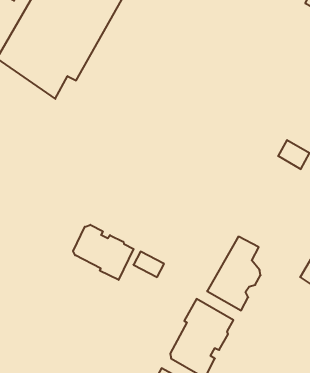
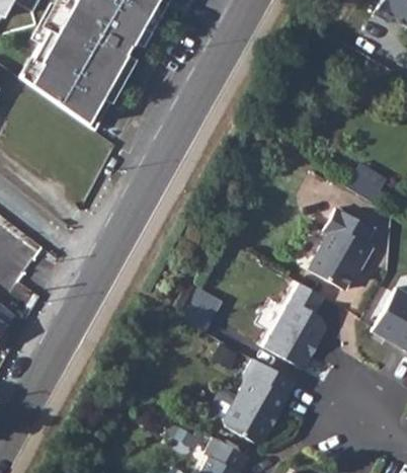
building: none -> [308,207,373,288]
building: [73,225,134,280] -> none

